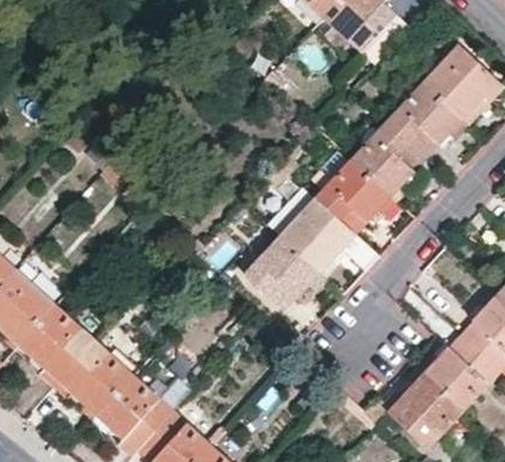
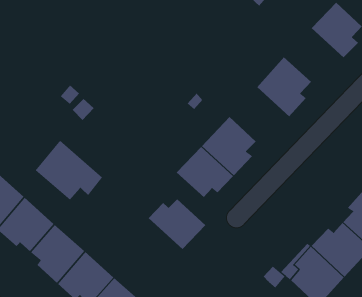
building: [391,81,469,151] -> none
building: [320,158,398,229] -> none
building: none -> [35,140,103,201]
building: none -> [148,199,206,250]

